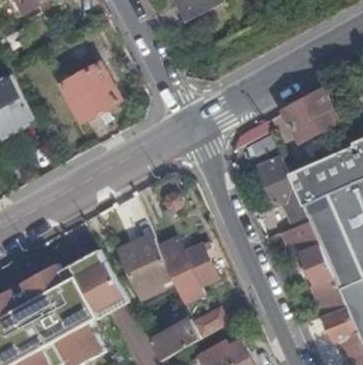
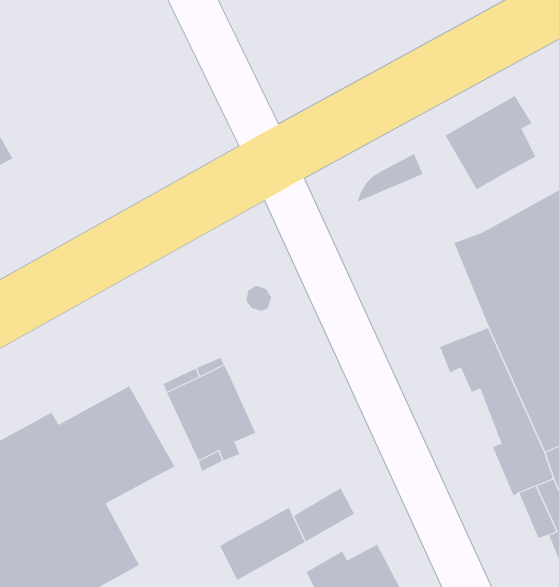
building: [59,64,118,122] -> none
building: [254,155,304,223] -> none
building: [158,237,216,303] -> none

